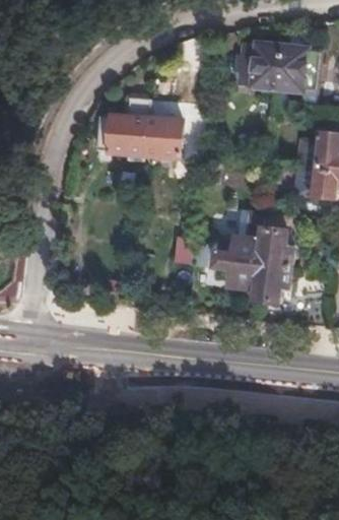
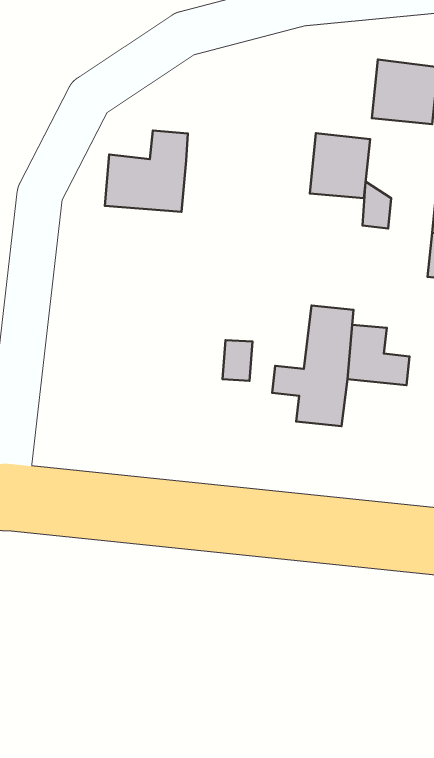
building: [240,44,280,87] -> [310,133,370,198]
building: [147,116,186,159] -> none
building: [256,263,299,300] -> none

